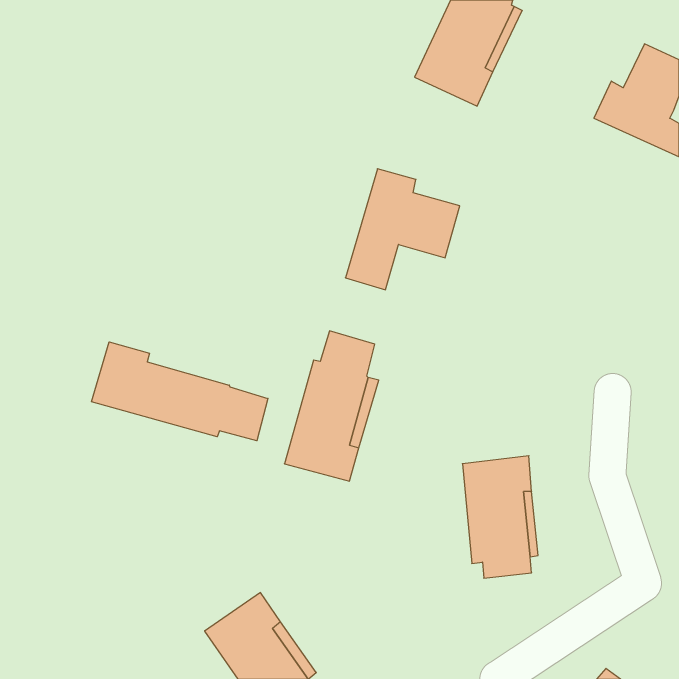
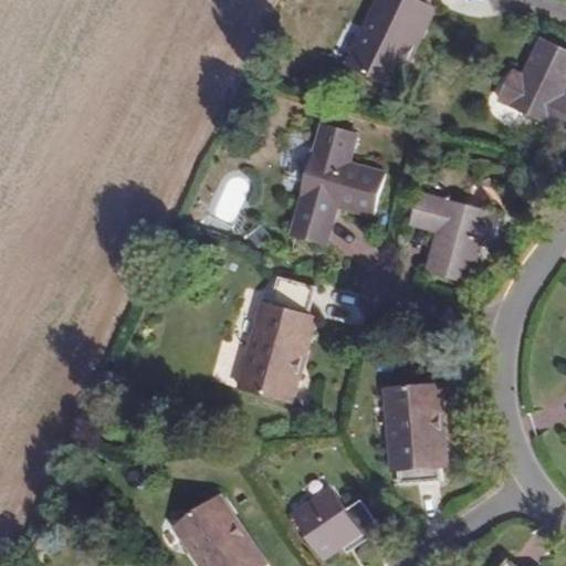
building: none -> [409,191,500,281]
building: [91,342,268,441] -> none
building: none -> [290,486,376,556]

